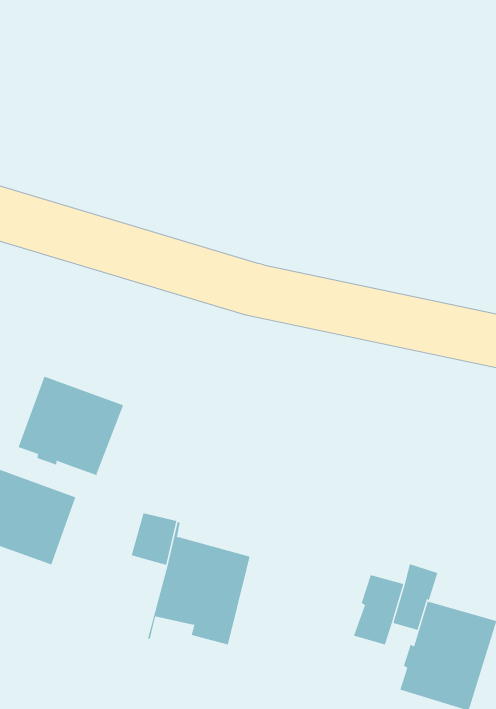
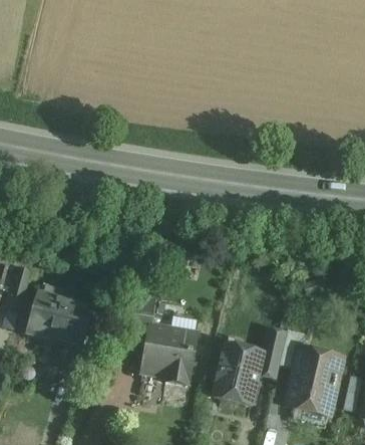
building: [18,376,124,476] -> none
building: none -> [213,347,262,401]

